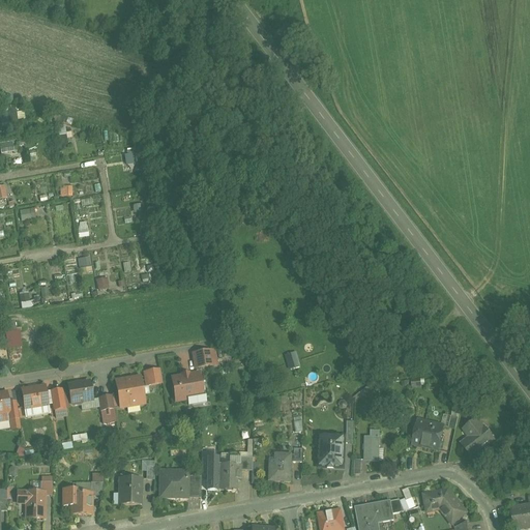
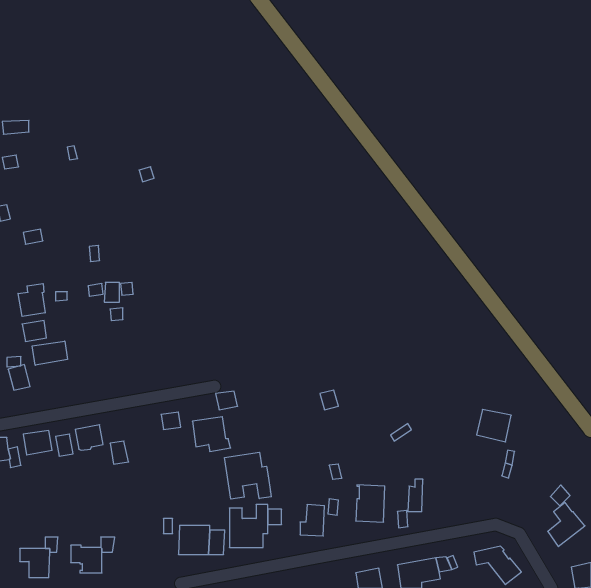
building: none -> [18,284,45,316]
building: none -> [32,341,67,365]
building: [115,376,143,406] -> none
building: none -> [225,452,271,499]
building: [462,416,495,455] -> [548,503,585,547]
building: [412,419,443,448] -> [477,409,511,442]
building: [119,476,140,503] -> none

